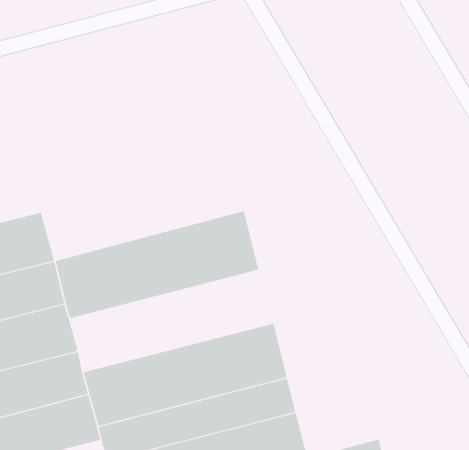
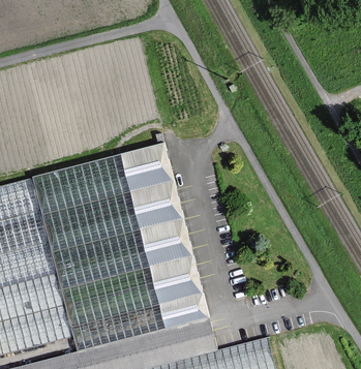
building: none -> [30,144,172,212]
building: none -> [50,218,192,289]

